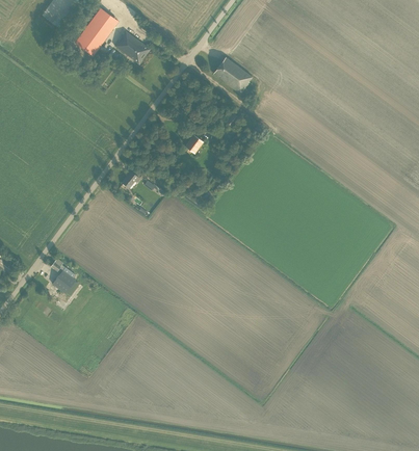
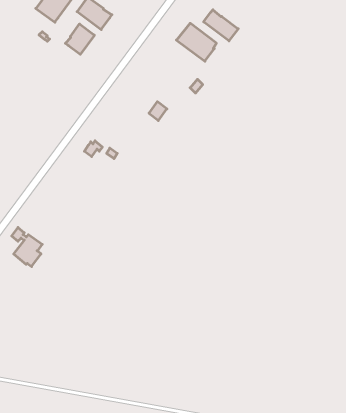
building: none -> [204,10,238,41]
building: none -> [65,24,94,54]

